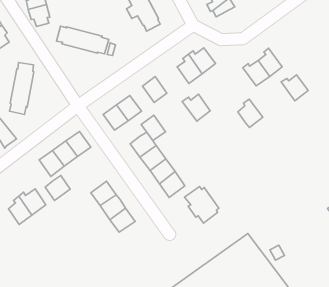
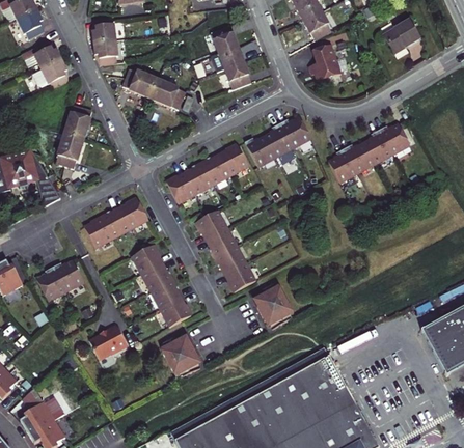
building: [281,75,308,101] -> [377,121,408,152]
building: [182,94,210,121] -> [243,136,275,168]
building: [238,99,263,128] -> [327,147,356,181]
building: [141,115,166,140] -> [202,153,230,184]
building: [45,176,70,201] -> [131,245,161,274]
building: none -> [161,332,200,376]
building: none -> [89,325,129,360]

